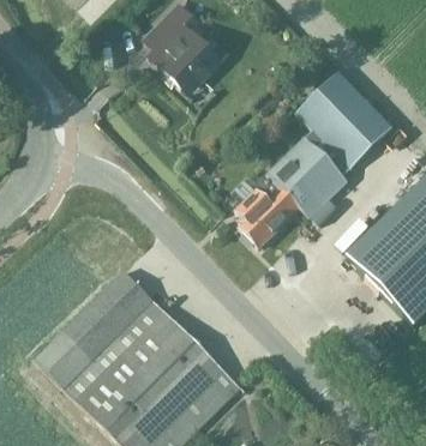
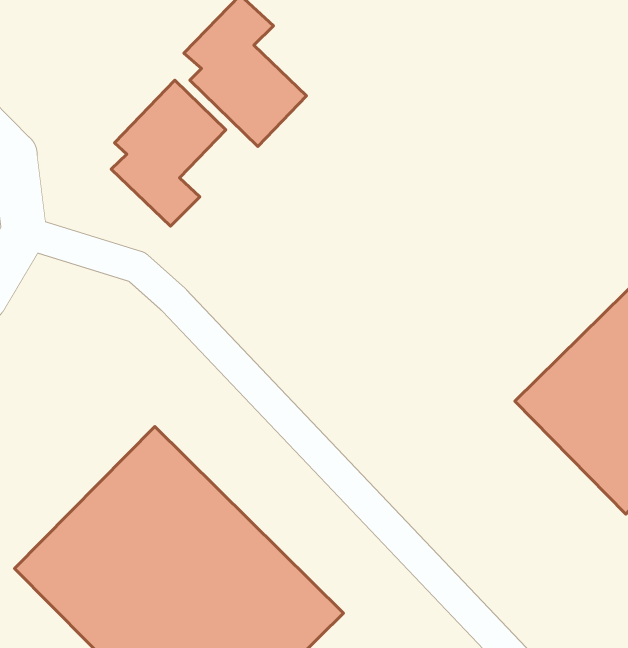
building: none -> [111,80,226,226]
building: [233,71,394,247] -> none

